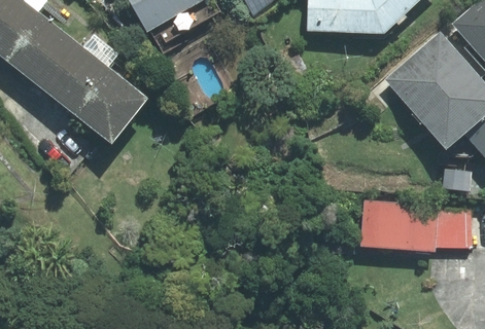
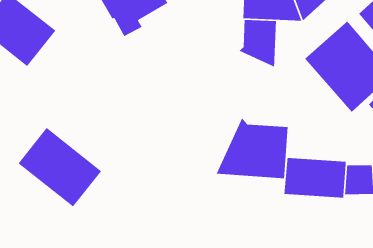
building: none -> [239,19,277,68]
building: [43,44,148,144] -> [17,127,102,208]
building: none -> [215,117,288,179]

